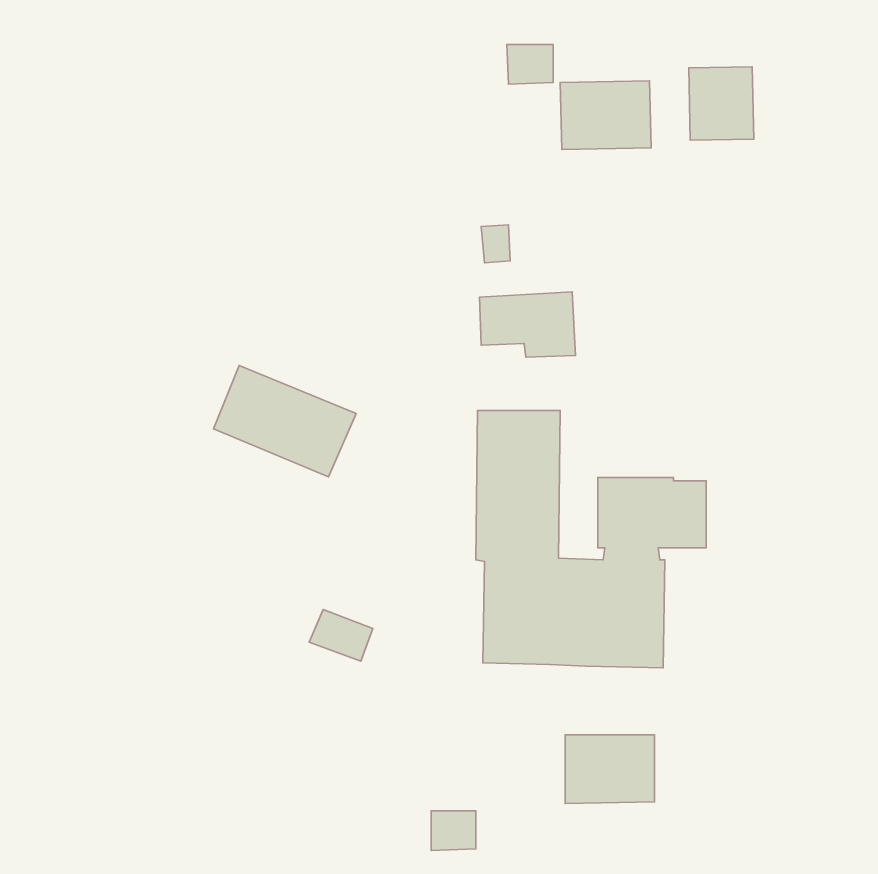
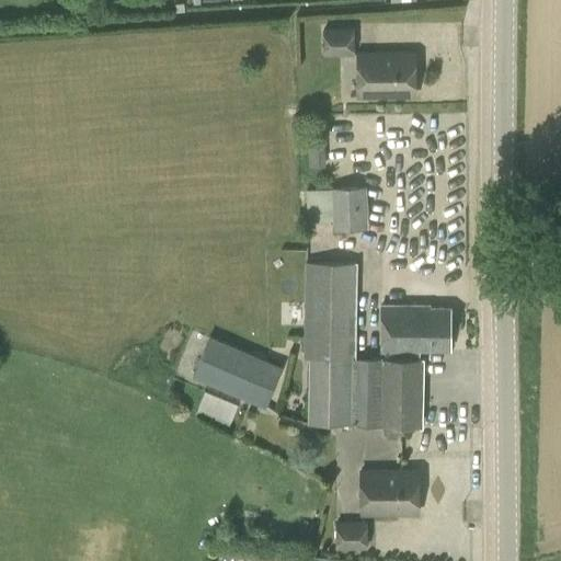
building: [689,67,754,140] -> none
building: [214,365,356,477] -> [192,337,283,409]
building: [431,811,476,850] -> [336,524,365,549]

